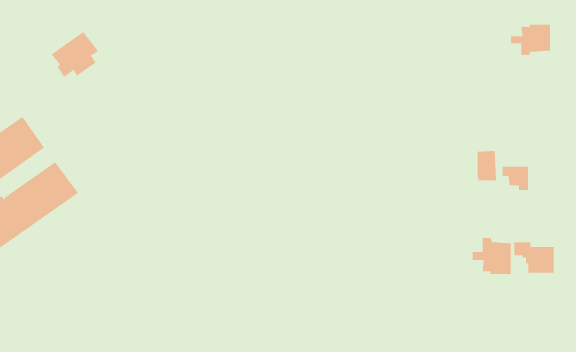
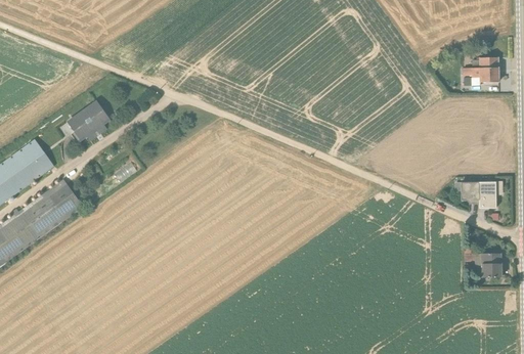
building: [51,31,99,78] -> [68,101,110,142]
building: [477,150,497,181] -> [479,181,496,208]
building: [472,237,511,275] -> none

